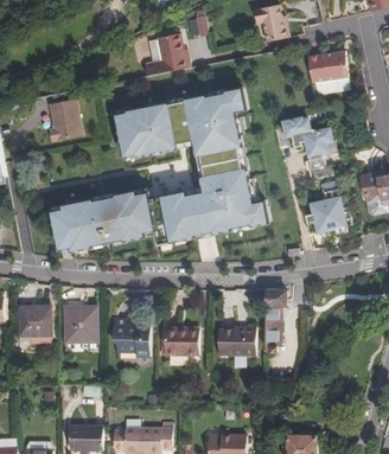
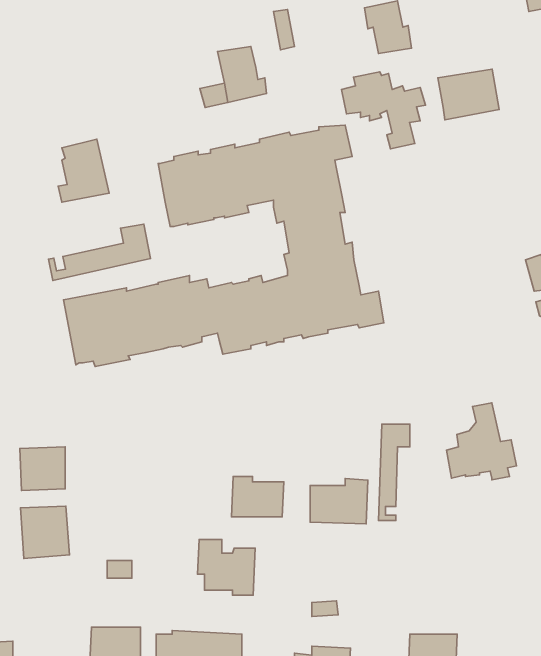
building: [274,117,331,170] -> [341,72,425,149]
building: none -> [49,224,151,280]
building: [304,181,351,234] -> [446,403,516,480]
building: [64,307,97,343] -> [20,506,69,558]
building: [113,316,152,354] -> [197,539,255,595]

